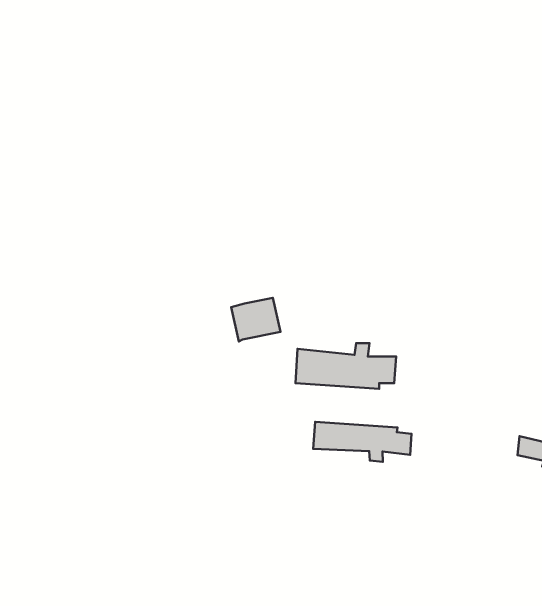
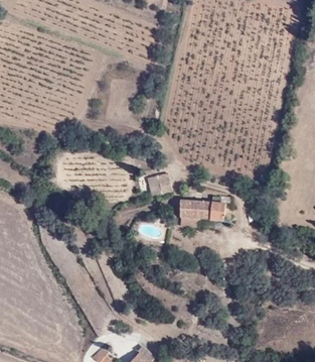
building: [313,422,412,462] -> none

